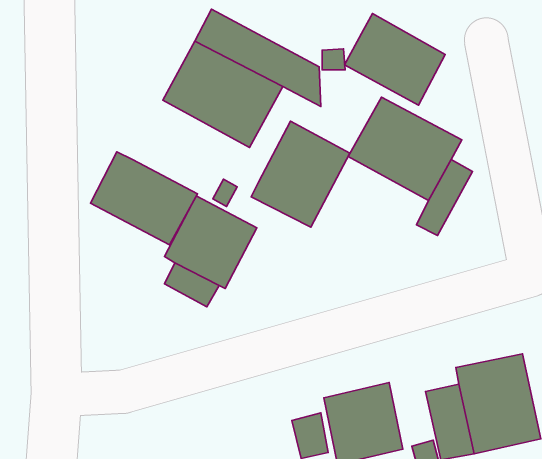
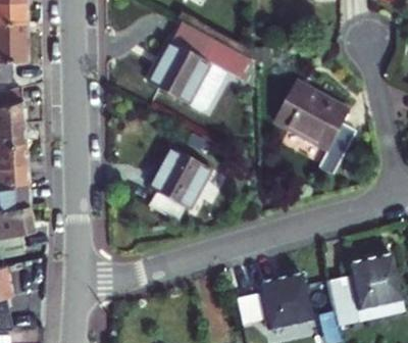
building: [345,13,445,105] -> none
building: [251,121,350,227] -> none
building: [90,152,197,245] -> none

